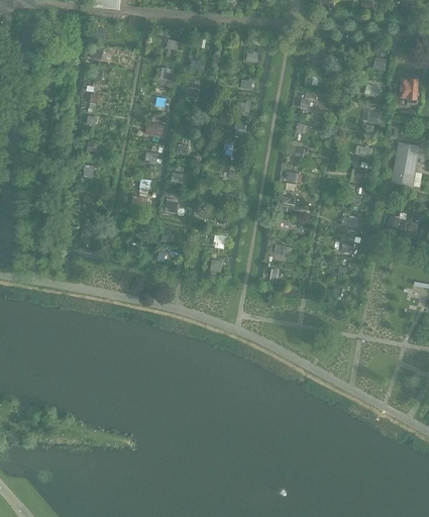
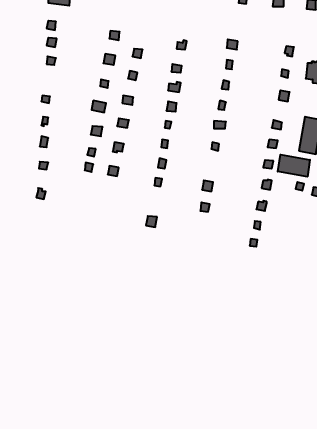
building: none -> [278,155,310,177]

